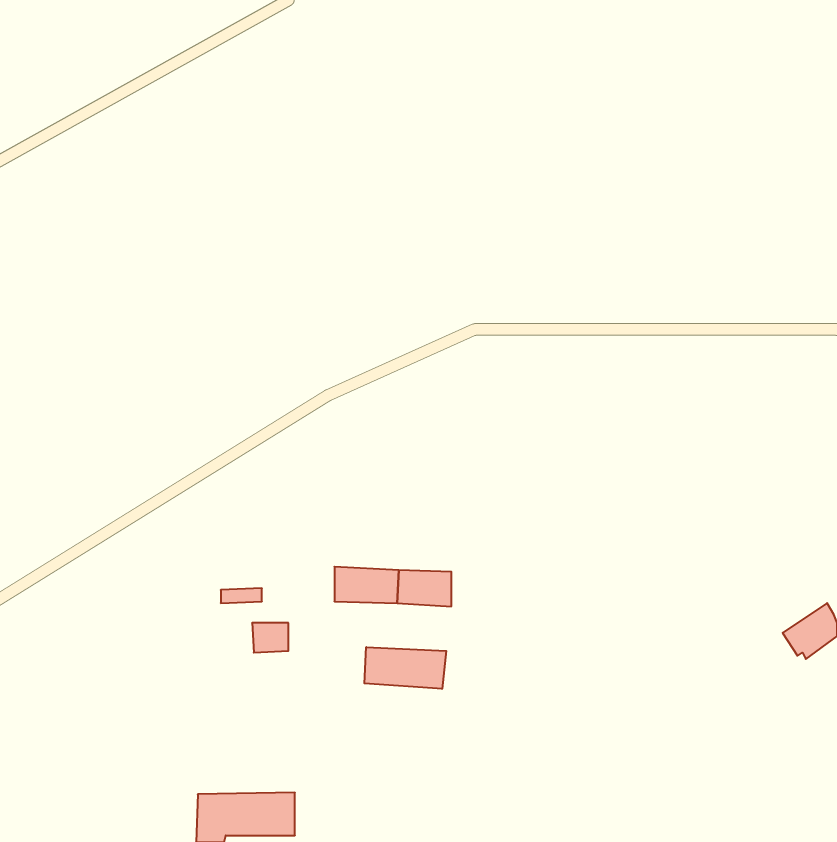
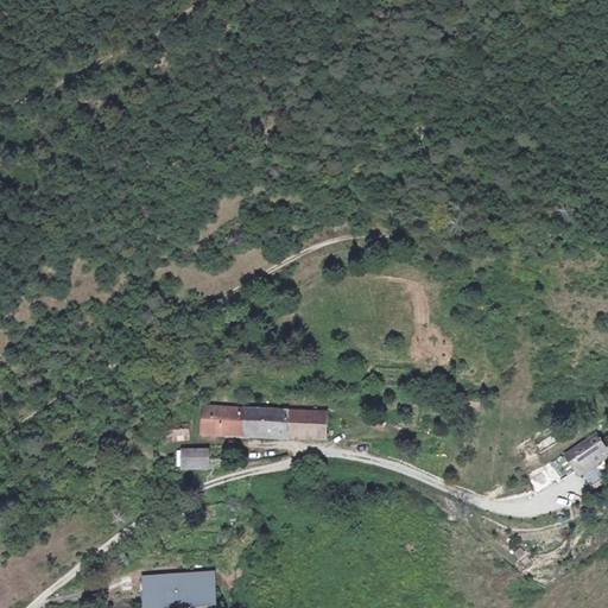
building: none -> [201,407,241,433]
building: [364,647,446,689] -> none

